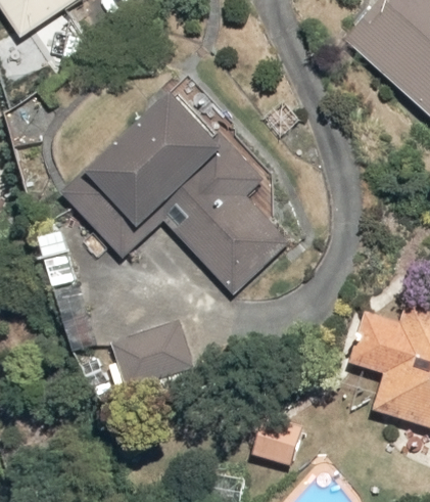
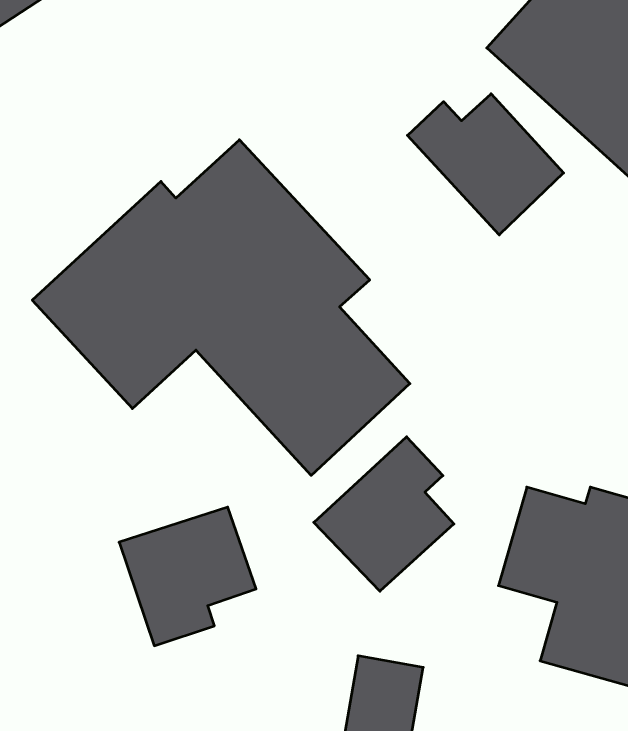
building: none -> [407,94,564,235]
building: none -> [314,437,454,591]

